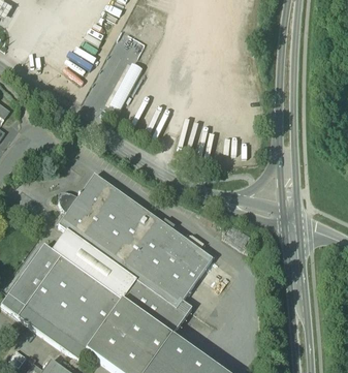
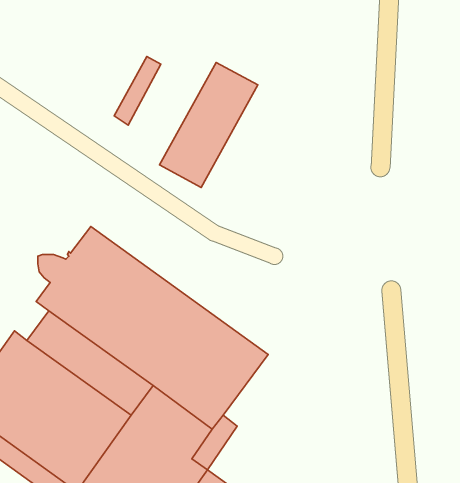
building: none -> [160,62,258,187]

